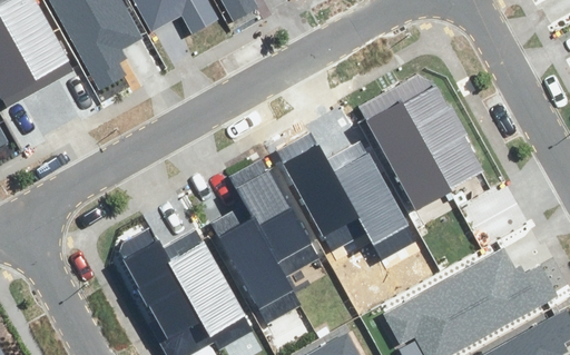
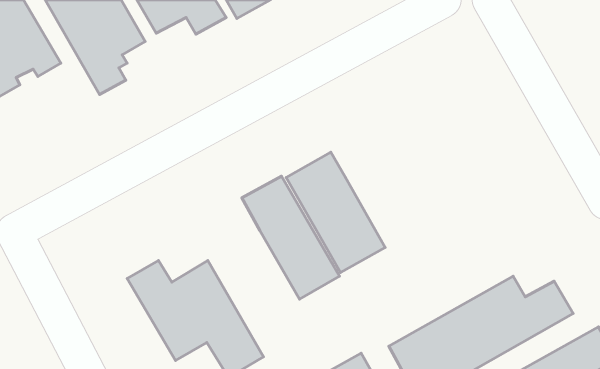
building: [366,86,484,213] -> none
building: [331,146,421,259] -> none
building: [210,215,302,325] -> none

